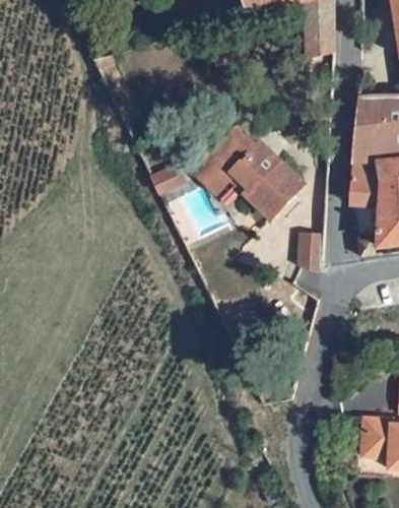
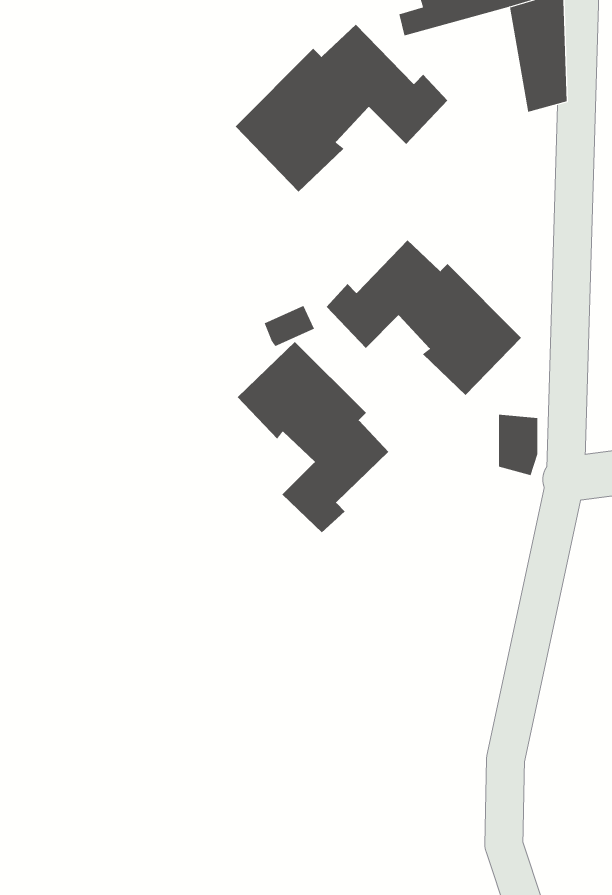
building: none -> [235,24,448,192]
building: none -> [237,341,389,533]

